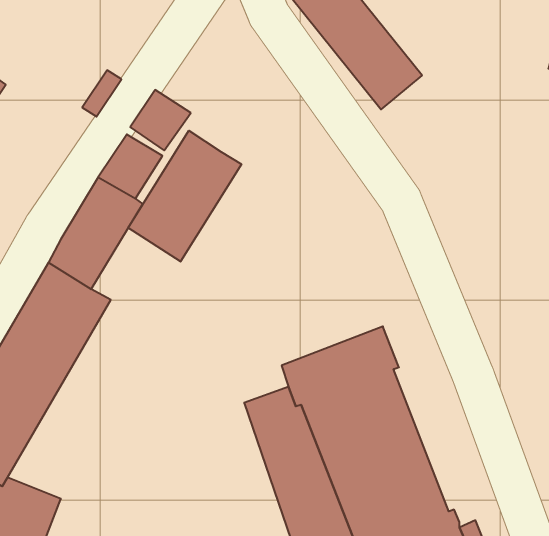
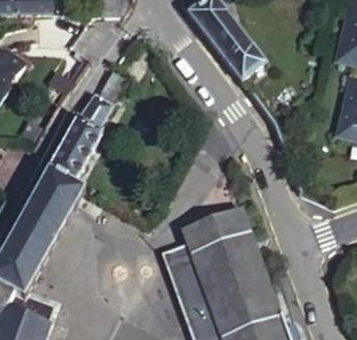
building: [128,131,241,262] -> none

